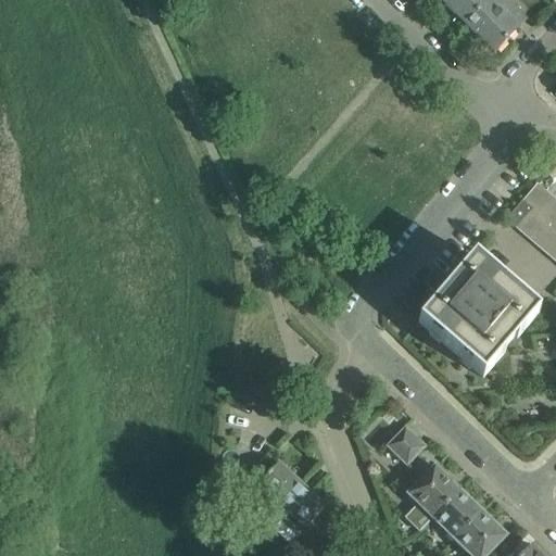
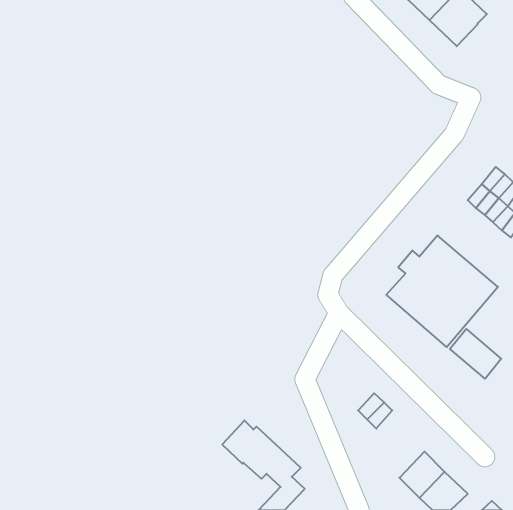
building: none -> [450,329,501,379]
building: [402,464,459,528] -> none

